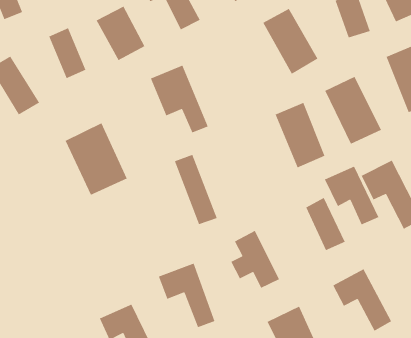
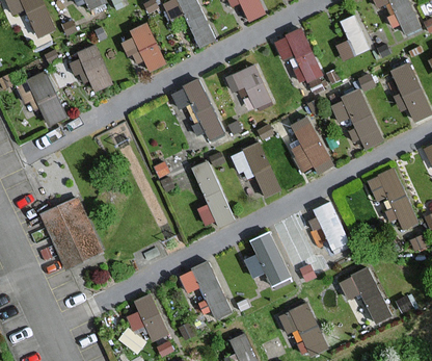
building: none -> [231,63,272,109]
building: [64,122,128,196] -> [42,204,100,272]
building: [324,165,379,225] -> [230,143,280,198]

